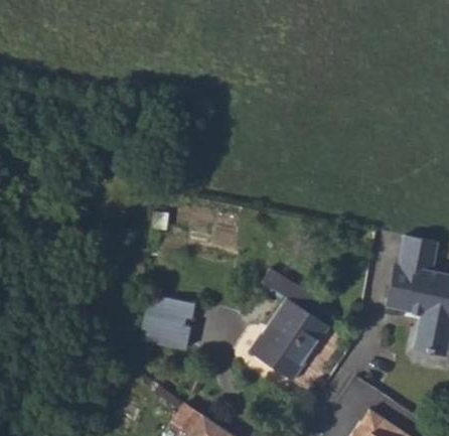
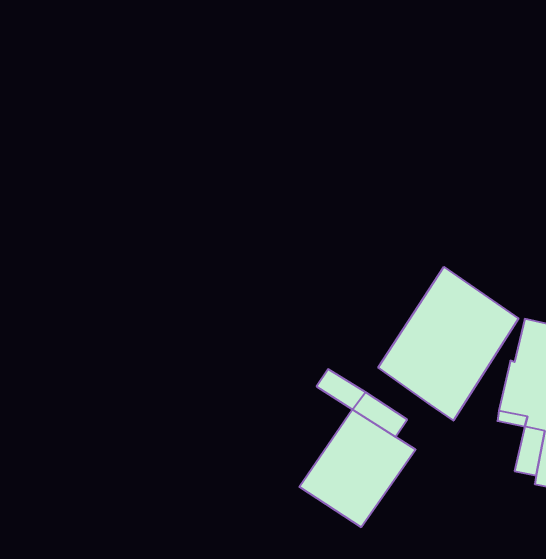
building: none -> [378,267,518,421]
building: [160,300,196,345] -> none

